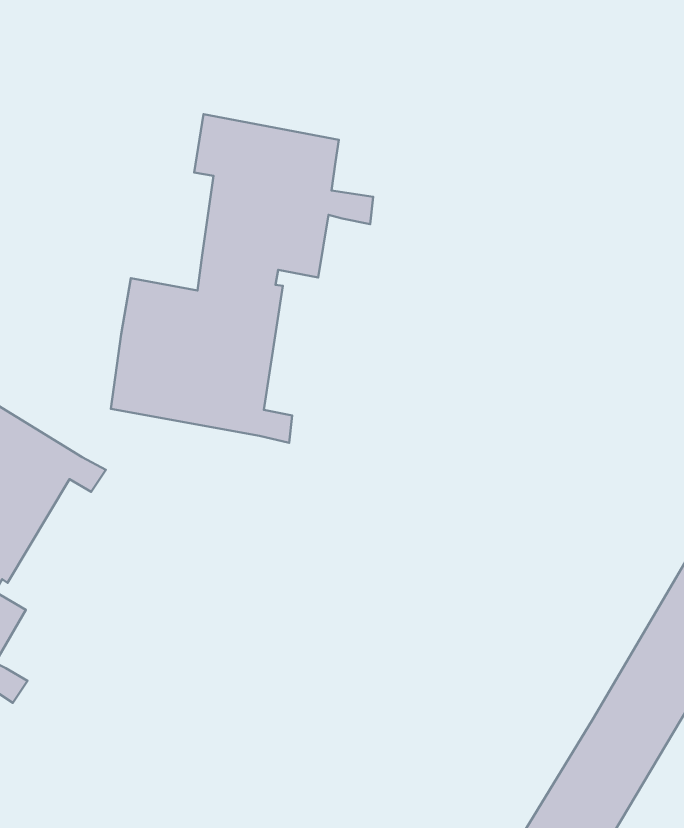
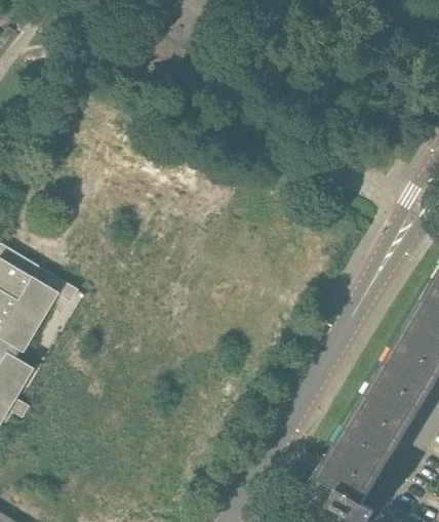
building: [111,114,373,443] -> none

